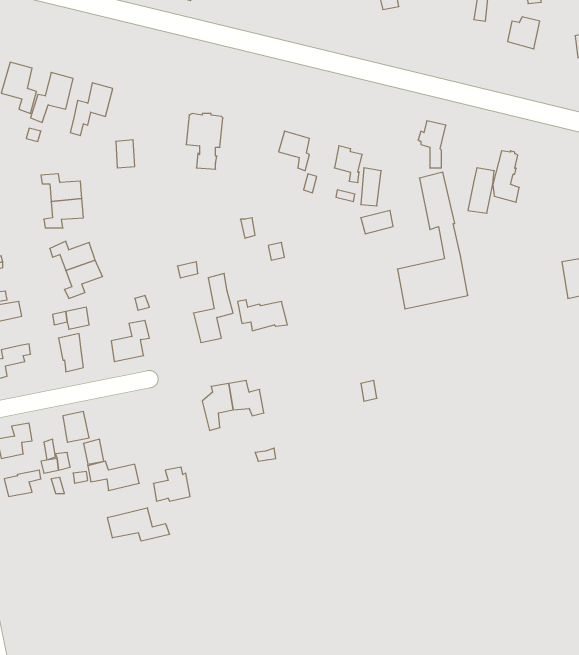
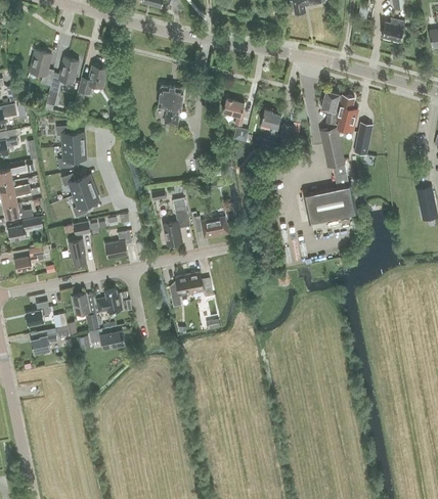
building: [493,151,519,202] -> [337,95,355,131]
building: [153,467,190,501] -> [96,288,122,312]
building: [108,508,170,541] -> none

